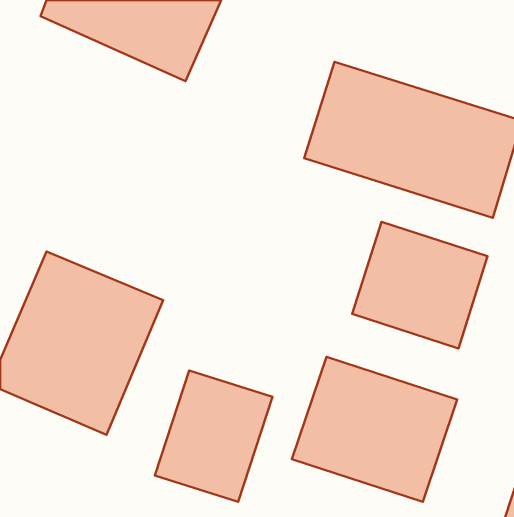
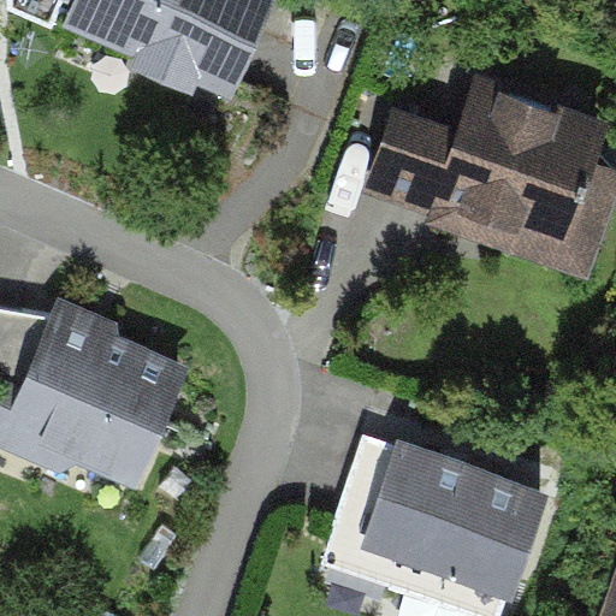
building: [352,222,488,348] -> none
building: [155,370,273,502] -> none

